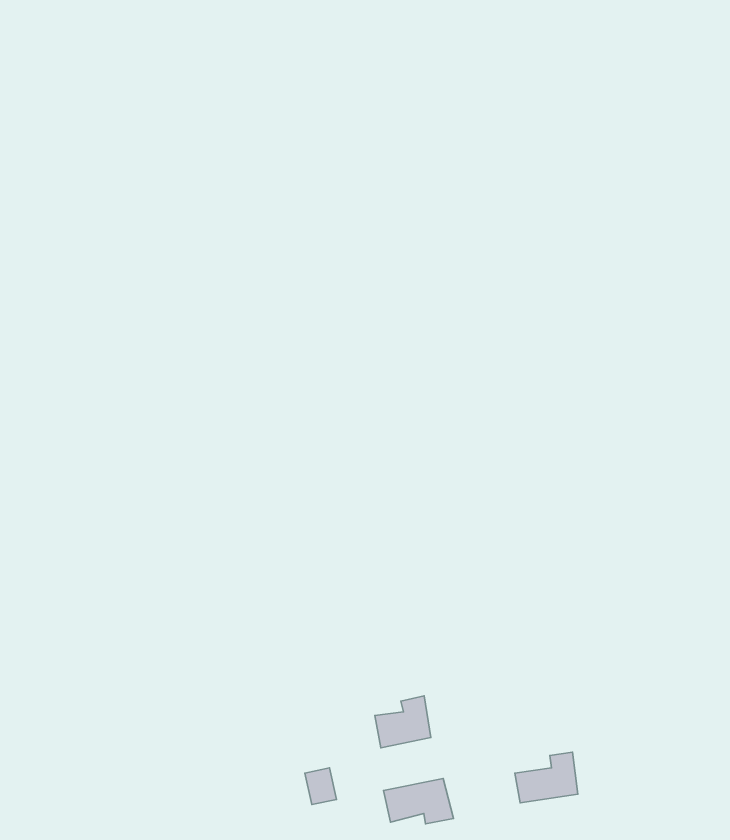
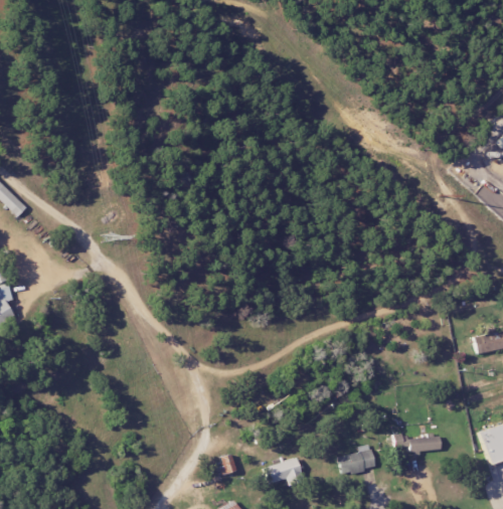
building: [375,696,431,748] -> none
building: none -> [408,436,441,451]

